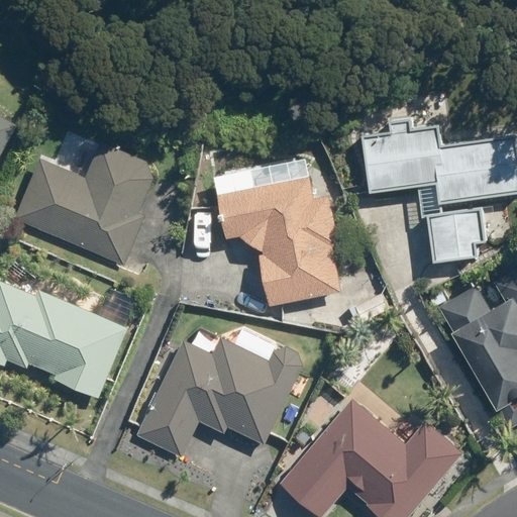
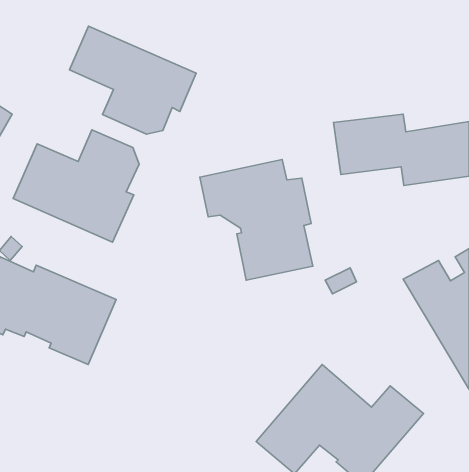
building: none -> [69,26,196,134]
building: [429,209,484,262] -> none
building: [137,338,301,456] -> none

